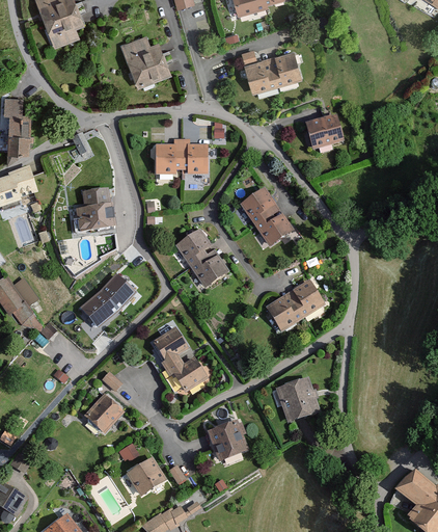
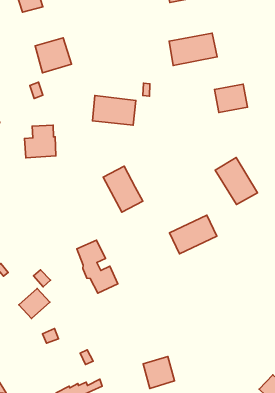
building: [124,43,171,89] -> [35,38,71,73]
building: [239,186,295,245] -> [215,158,257,205]
building: [79,271,135,330] -> none
building: [275,376,320,422] -> none
building: [208,419,249,461] -> [143,356,174,388]
building: [127,456,166,495] -> none

